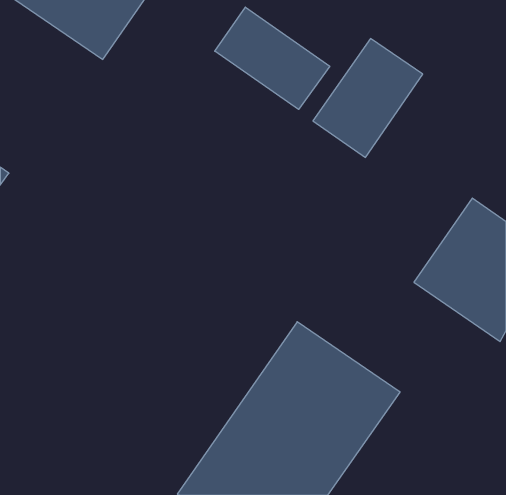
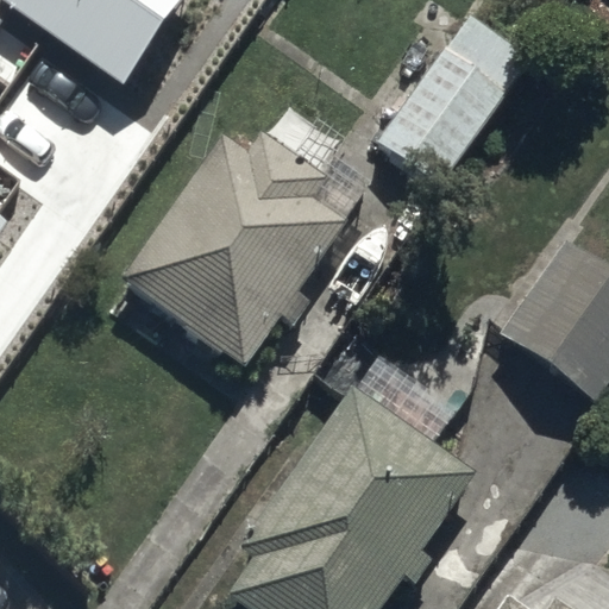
building: [215,7,330,109] -> none
building: none -> [123,136,346,368]

